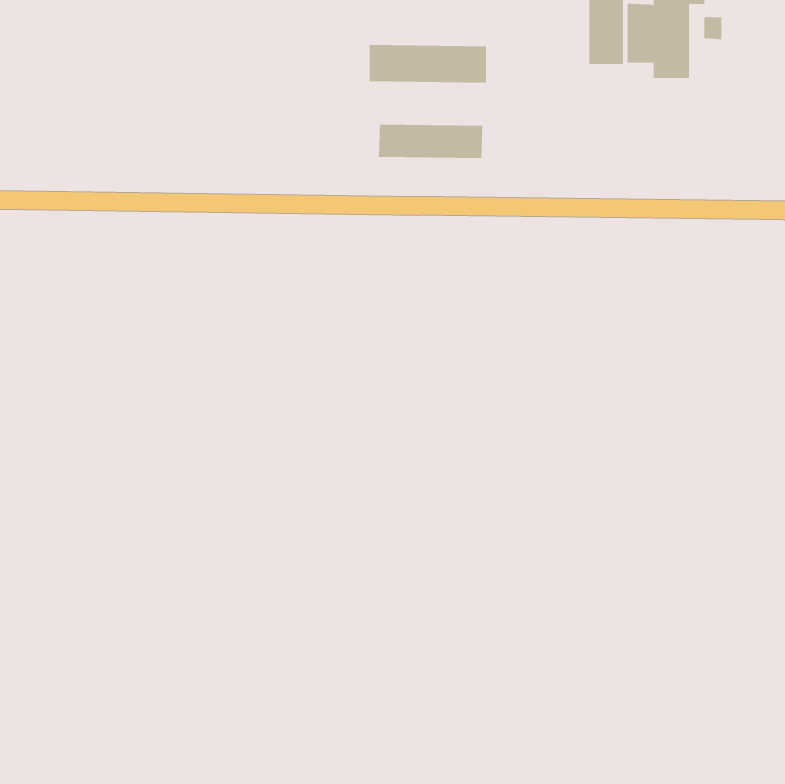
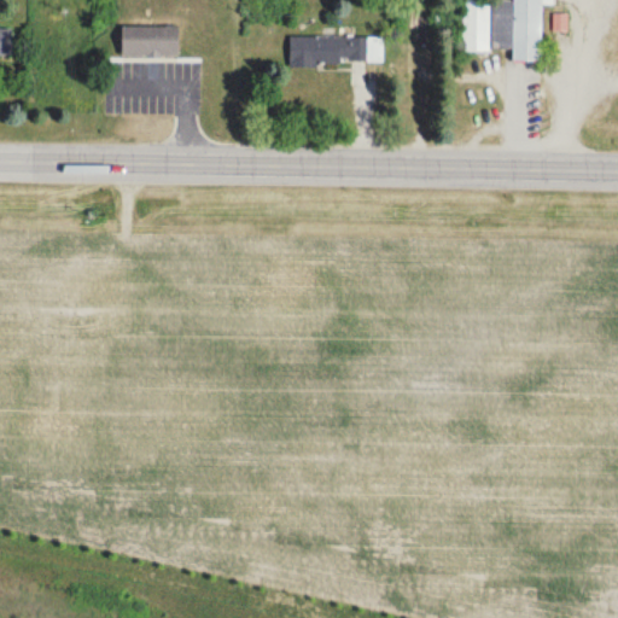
building: none -> [122,27,179,54]
building: [379,124,483,159] -> none

